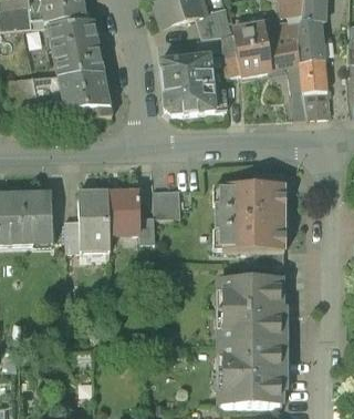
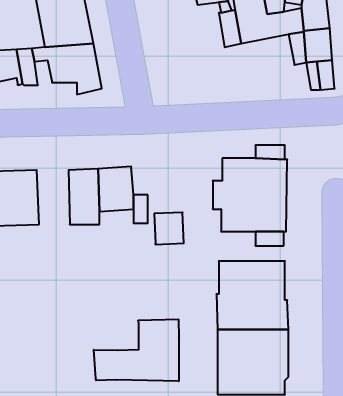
building: [158,57,227,116] -> none
building: [153,187,180,217] -> [154,212,184,244]
building: none -> [94,319,179,381]

